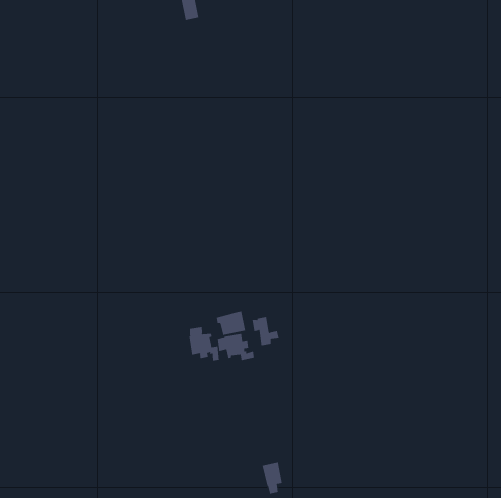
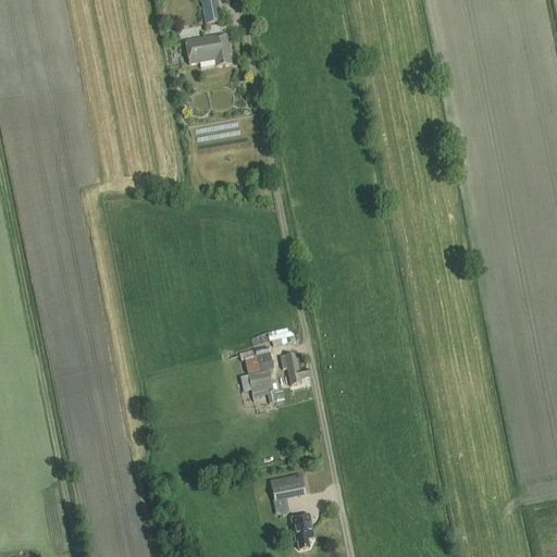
building: none -> [184,33,231,65]
building: [189,326,219,362] -> none
building: none -> [270,473,306,499]

